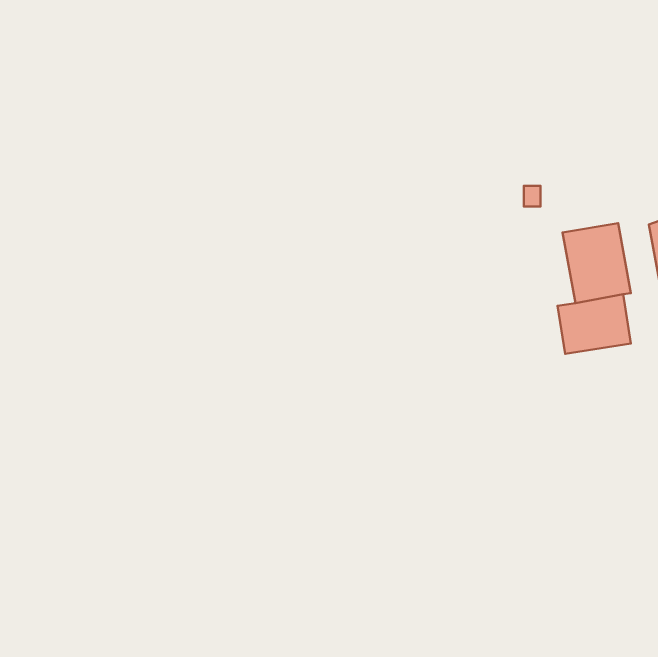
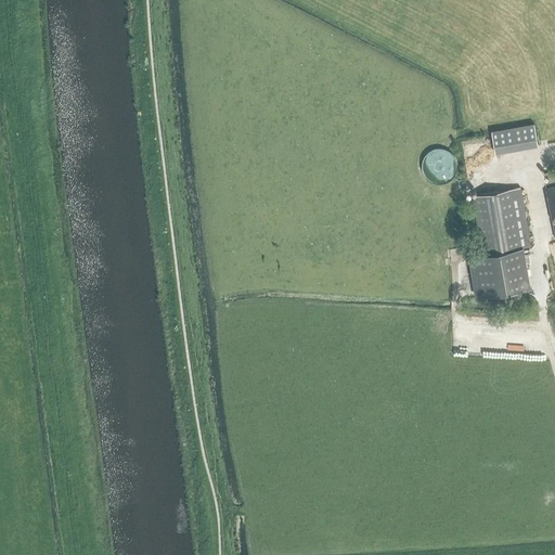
building: none -> [493,124,540,154]

